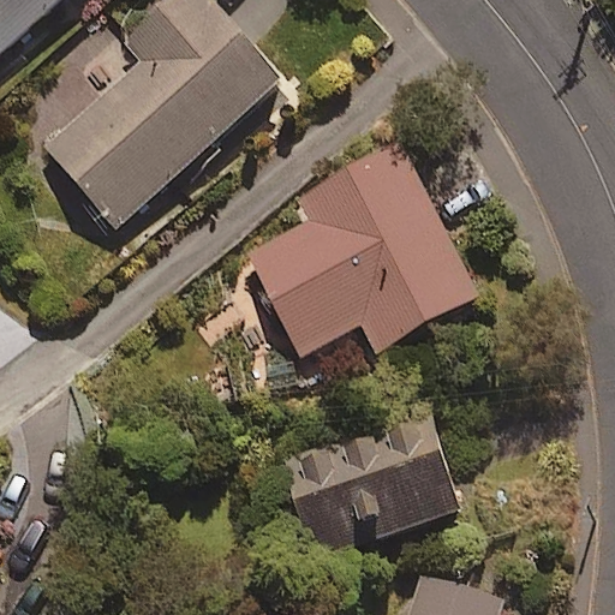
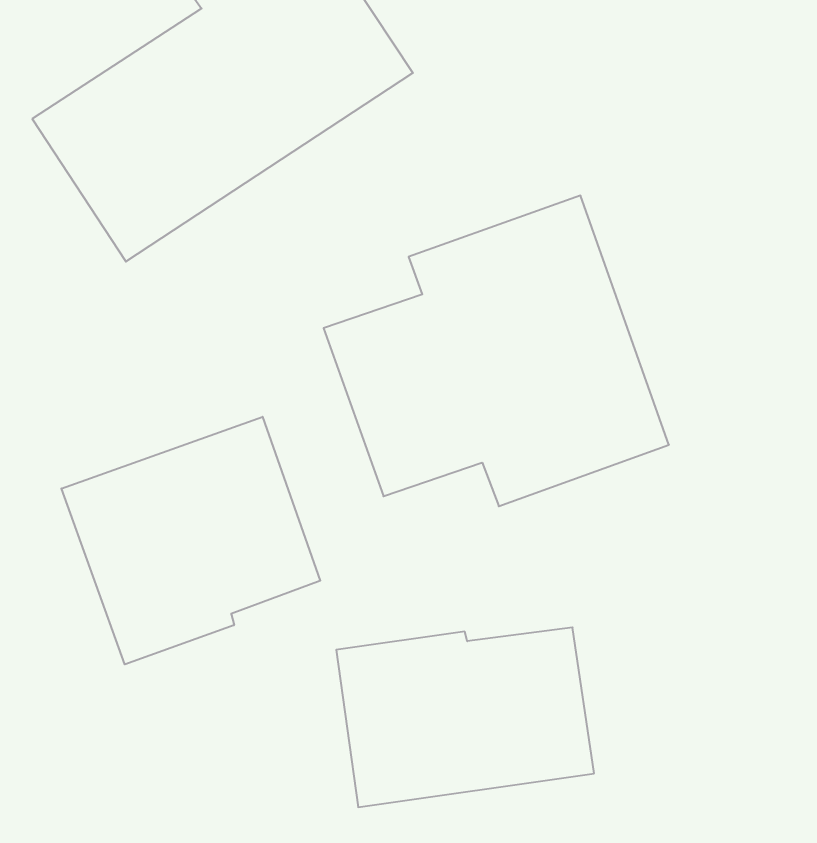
building: none -> [61,417,320,664]

